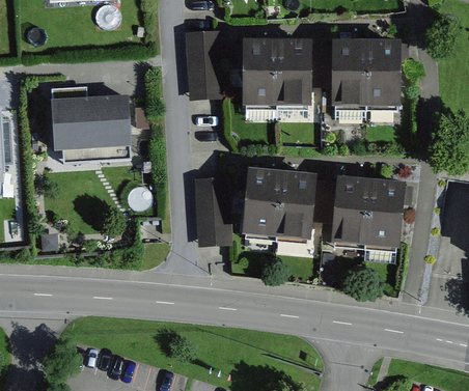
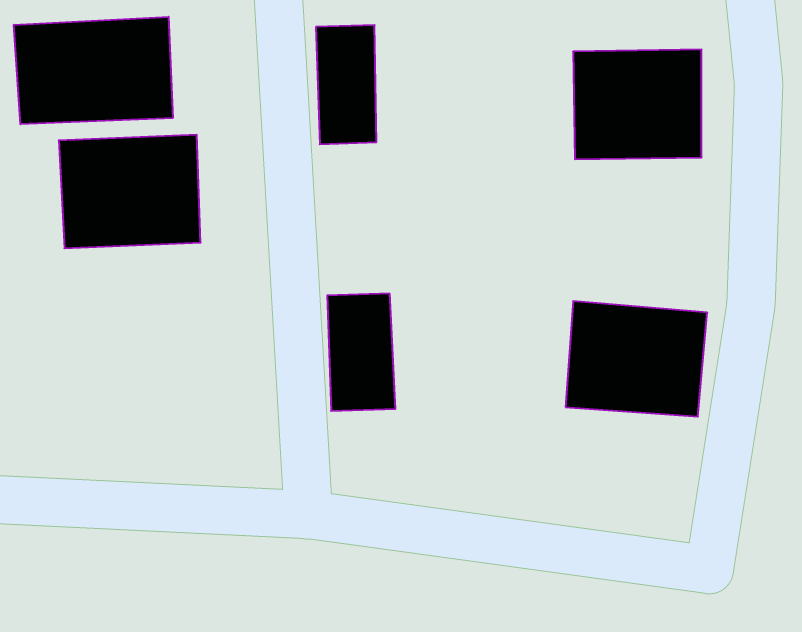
building: none -> [14,17,173,124]
building: [243,45,312,105] -> none
building: [241,175,314,236] -> none

